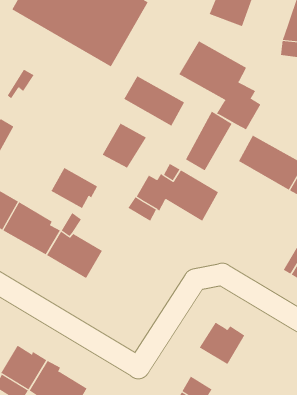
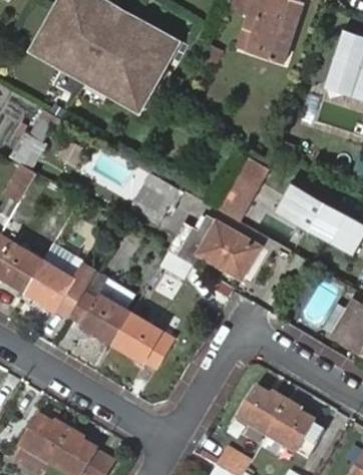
building: [179,40,261,130] -> none
building: [123,75,185,127] -> none
building: [50,167,98,209] -> none
building: none -> [112,311,171,368]
building: none -> [268,404,312,452]

